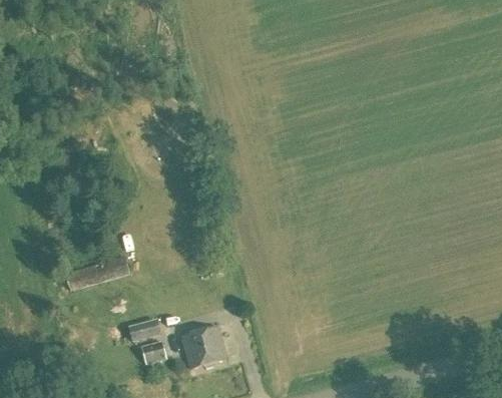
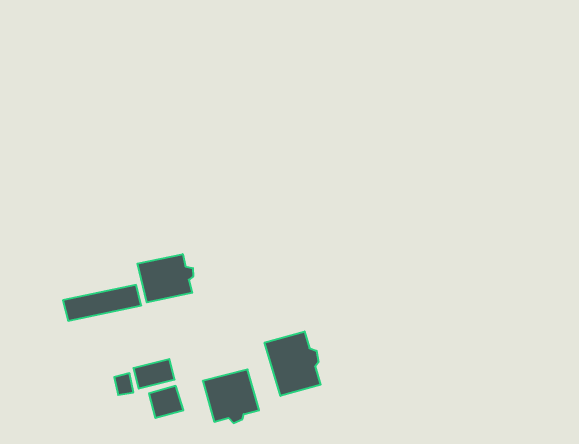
building: none -> [137,254,193,302]
building: none -> [265,331,321,396]

